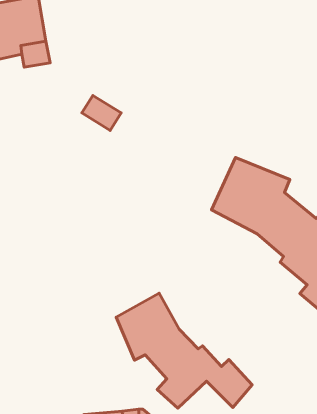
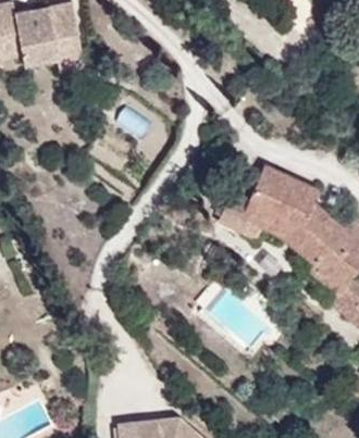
building: [116,293,252,408] -> none

